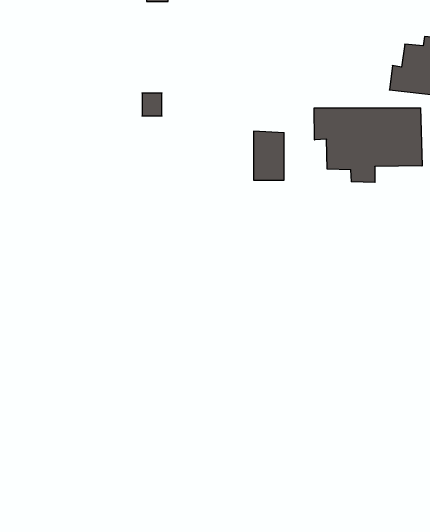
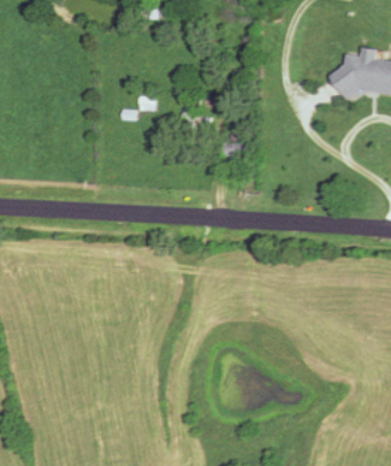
building: [314,108,422,182] -> none

